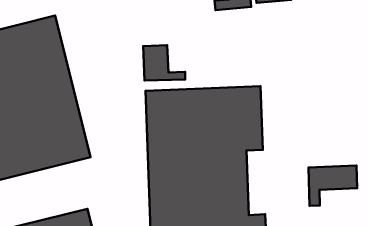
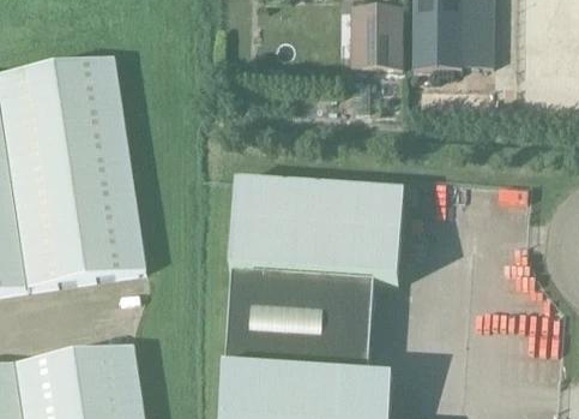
building: [143,45,185,81] -> none
building: [308,166,357,206] -> none

